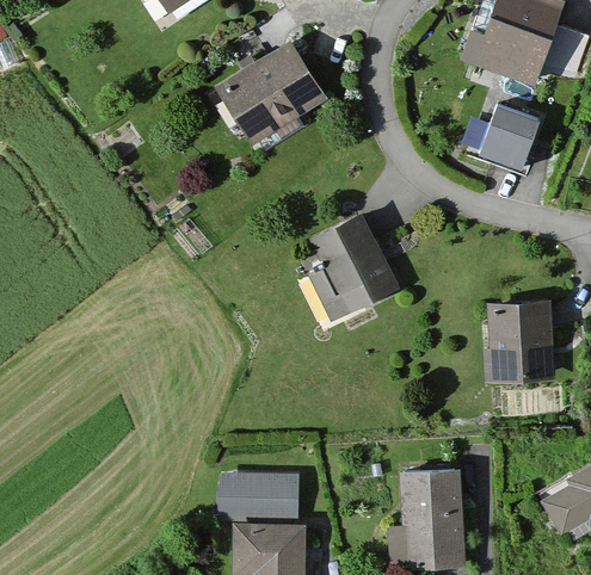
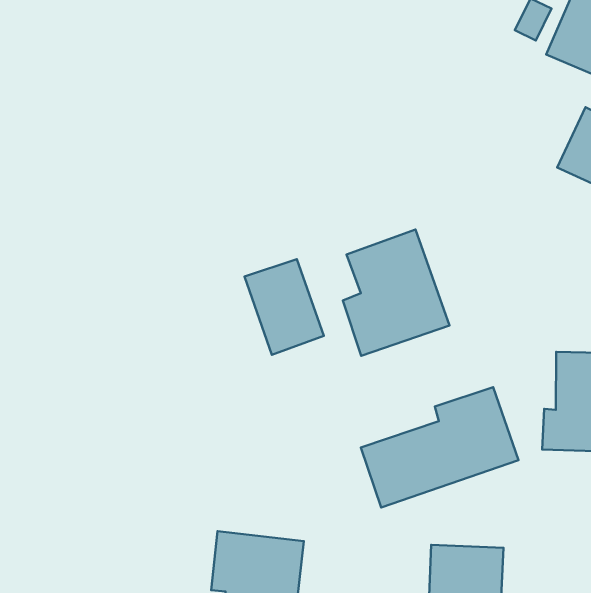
building: [217,42,328,146] -> none
building: none -> [245,259,324,355]
building: none -> [361,387,519,508]

